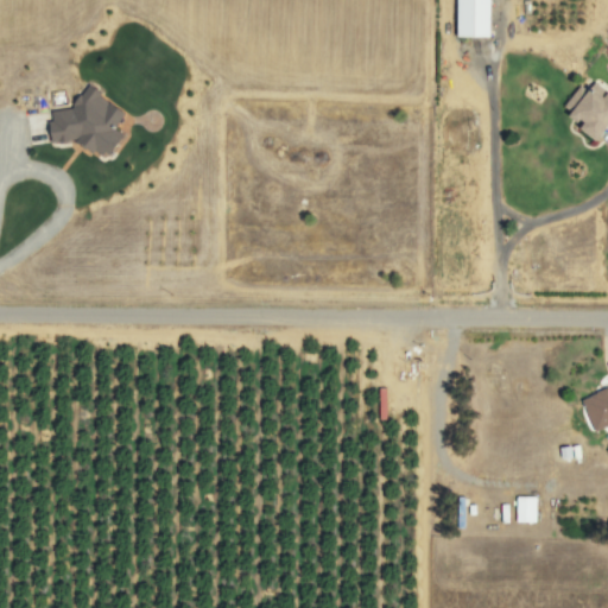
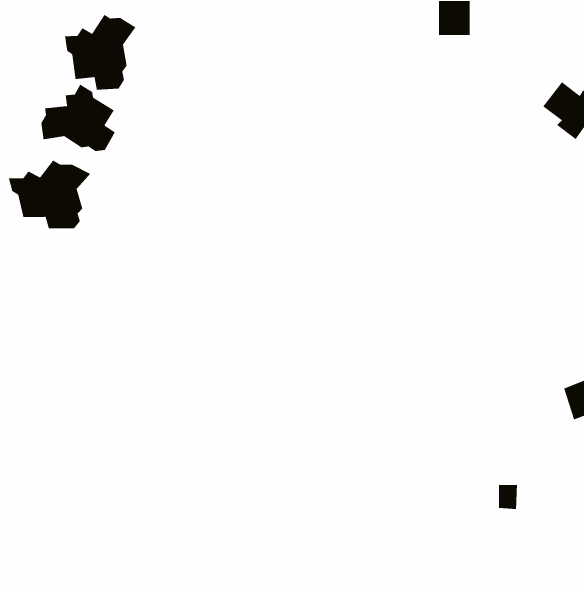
building: none -> [64,14,137,91]
building: none -> [8,160,91,229]

